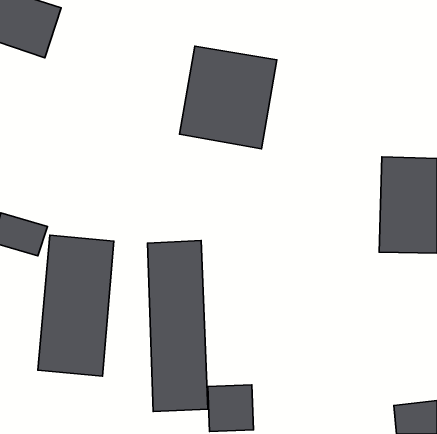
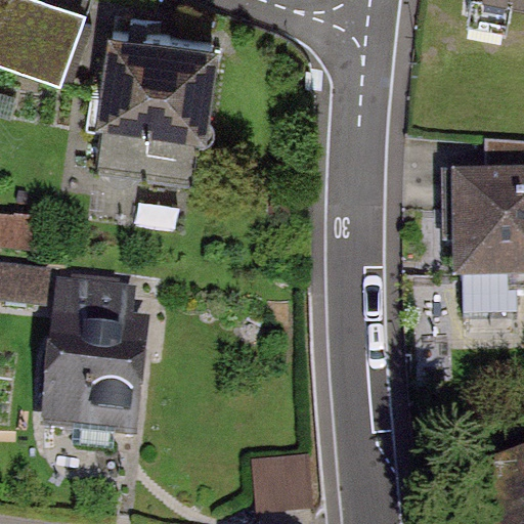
building: [179,46,277,149] -> [102,38,218,160]
building: [148,241,208,412] -> none

